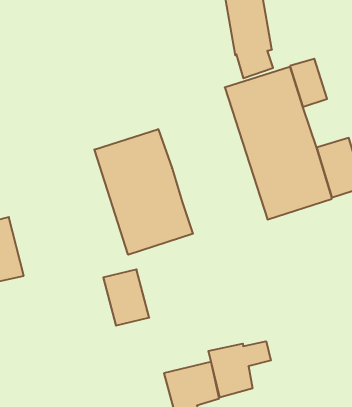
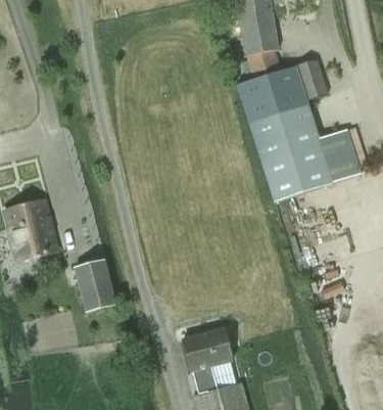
building: [94,129,193,255] -> none
building: [103,269,149,326] -> [74,260,114,310]
building: [208,341,271,397] -> none

